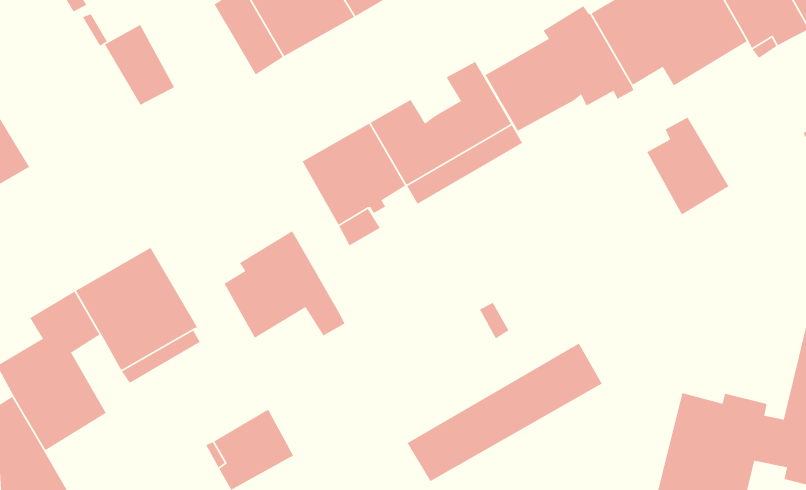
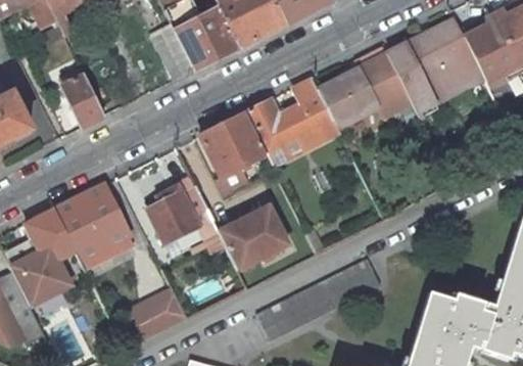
building: [104,24,175,106] -> [61,75,104,126]
building: [646,116,729,215] -> none
building: none -> [220,205,288,270]

